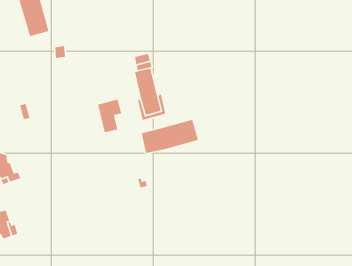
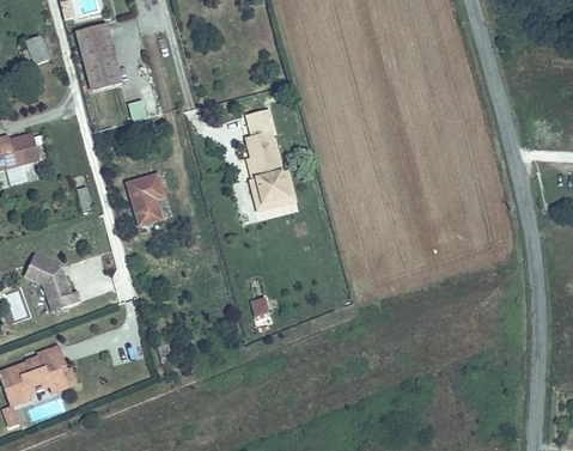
building: [97,99,122,133] -> [128,173,165,225]
building: [141,119,199,154] -> none

